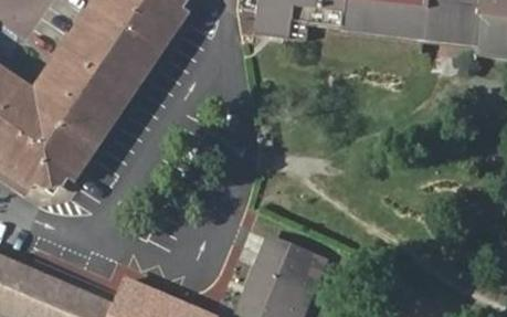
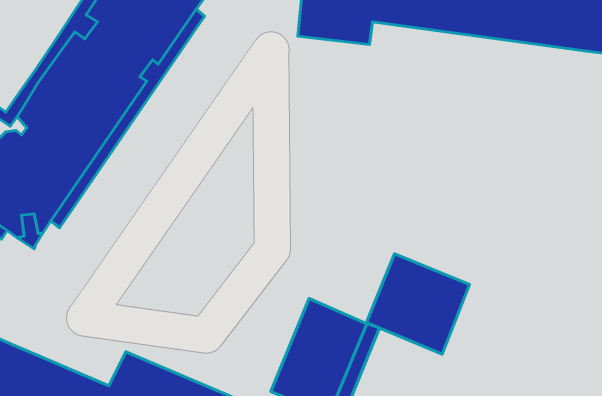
building: none -> [366,254,470,354]

